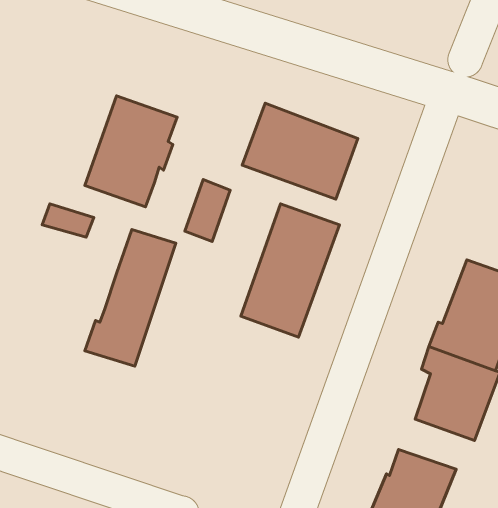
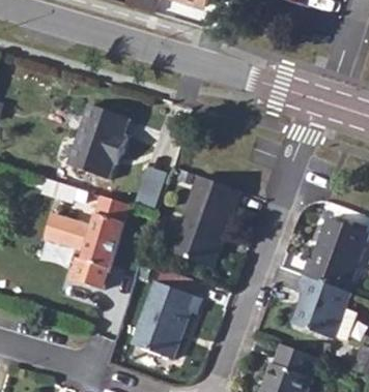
building: [242,103,358,199] -> none
building: none -> [45,214,87,250]
building: none -> [136,283,201,360]

